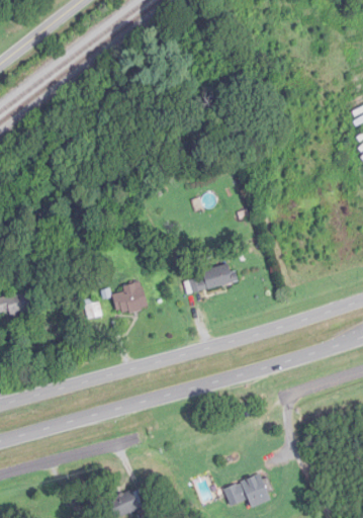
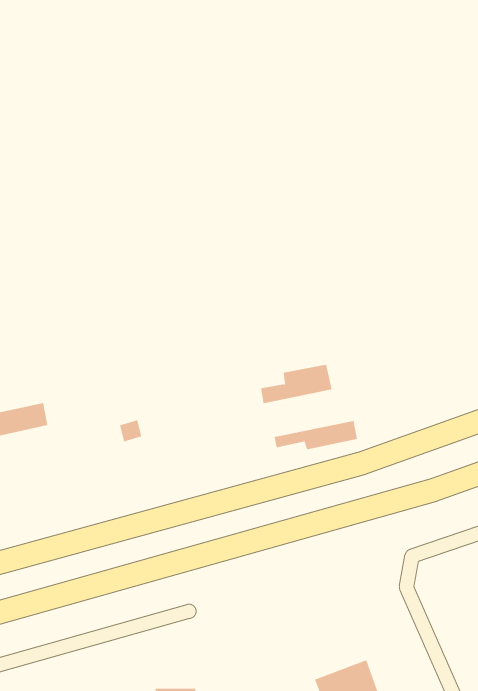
building: [113,282,146,313] -> none
building: none -> [274,420,357,450]

